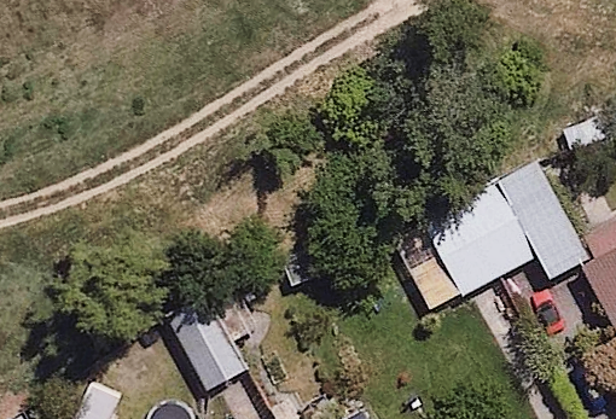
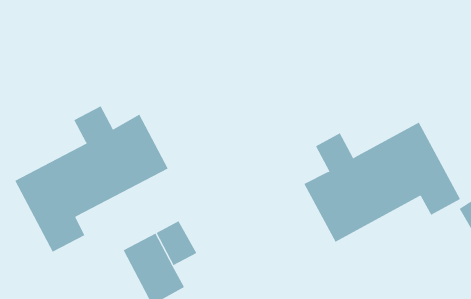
building: none -> [15,105,168,252]

